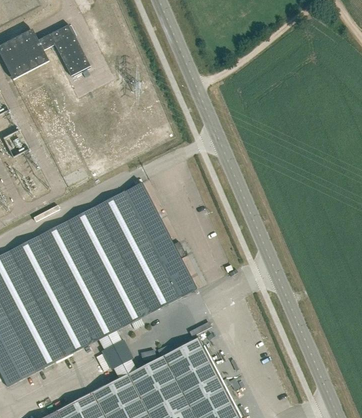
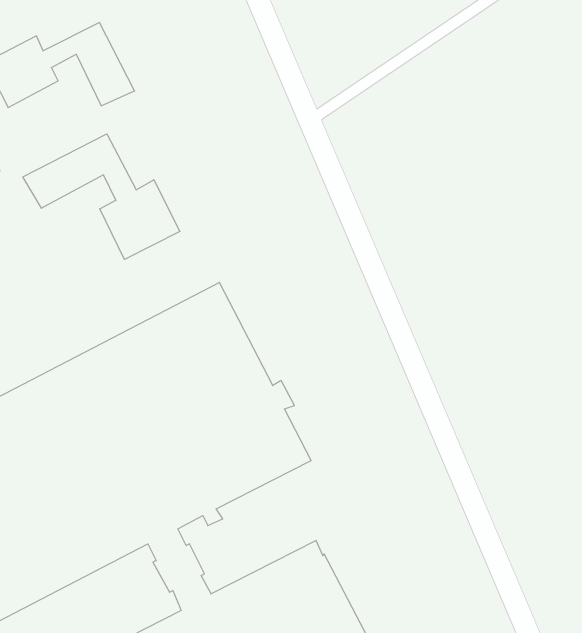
building: none -> [23,134,180,259]

